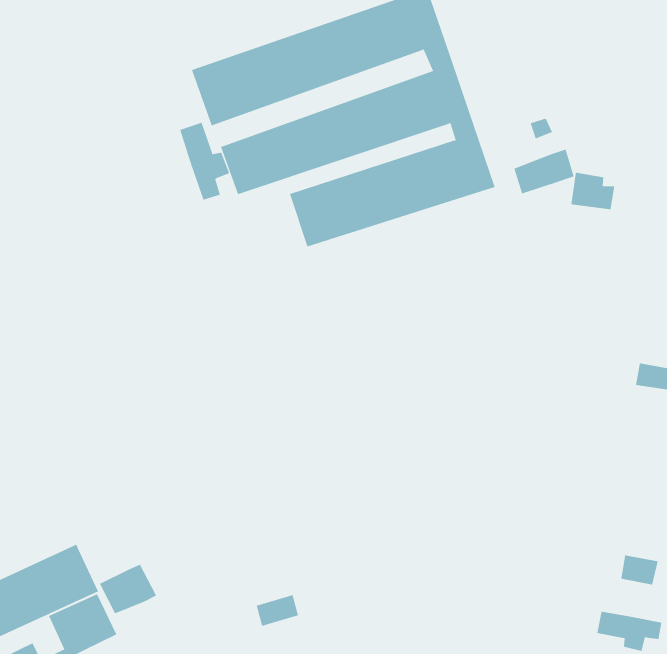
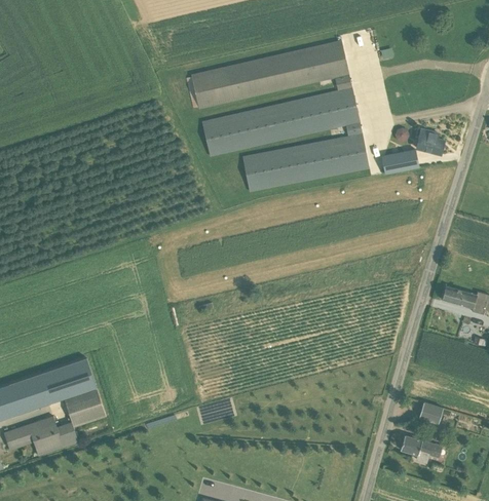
building: [179,122,230,201] -> none
building: [570,172,615,210] -> [415,128,444,154]
building: [99,564,157,614] -> none

